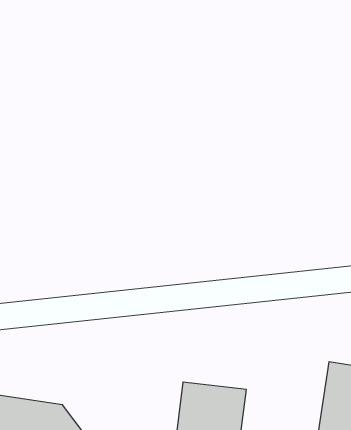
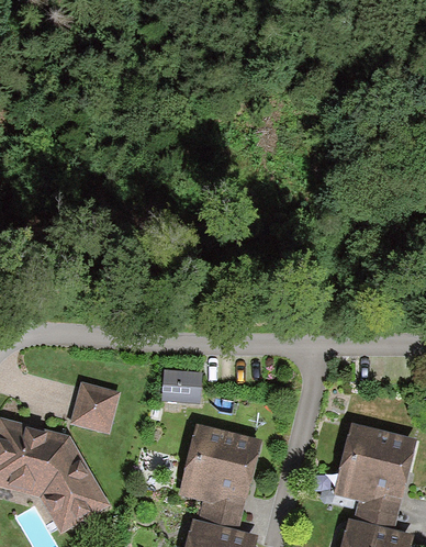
building: none -> [161,370,200,403]
building: none -> [68,381,119,434]

